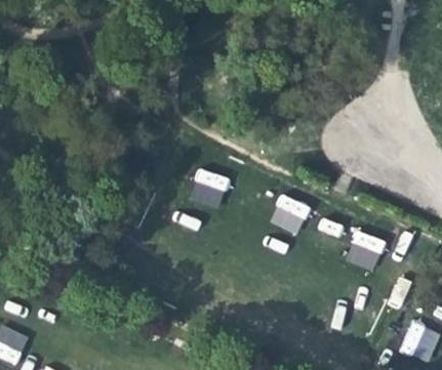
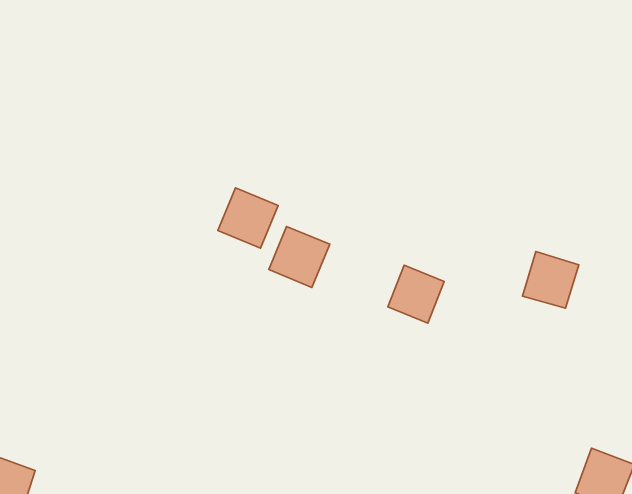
building: none -> [218,188,278,248]
building: [345,231,384,270] -> [522,252,579,308]

